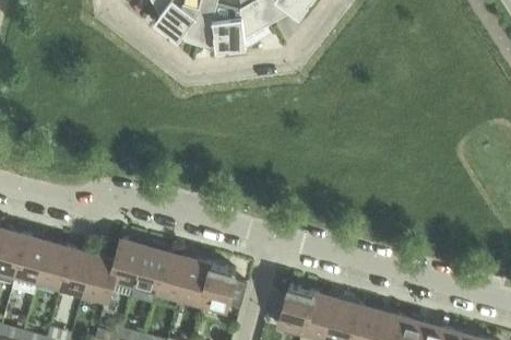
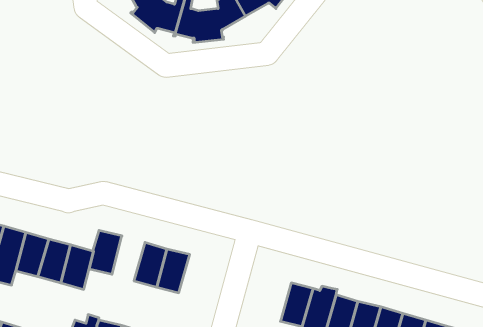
building: [133,242,167,290] -> none
building: [200,263,246,308] -> none
building: [265,285,312,330] -> none

